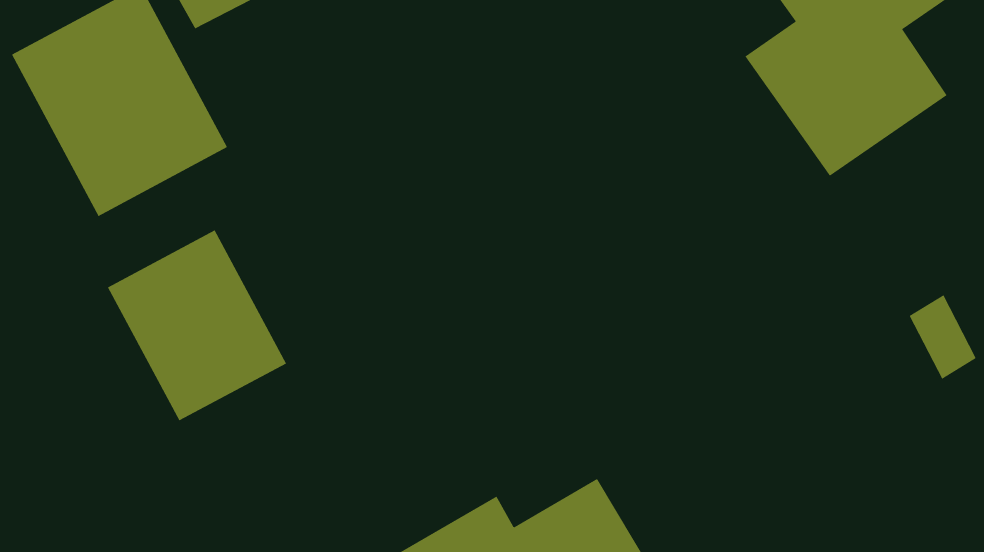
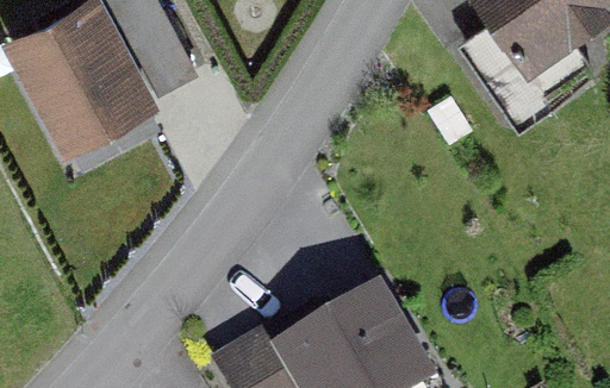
building: [107,230,287,421] -> none

